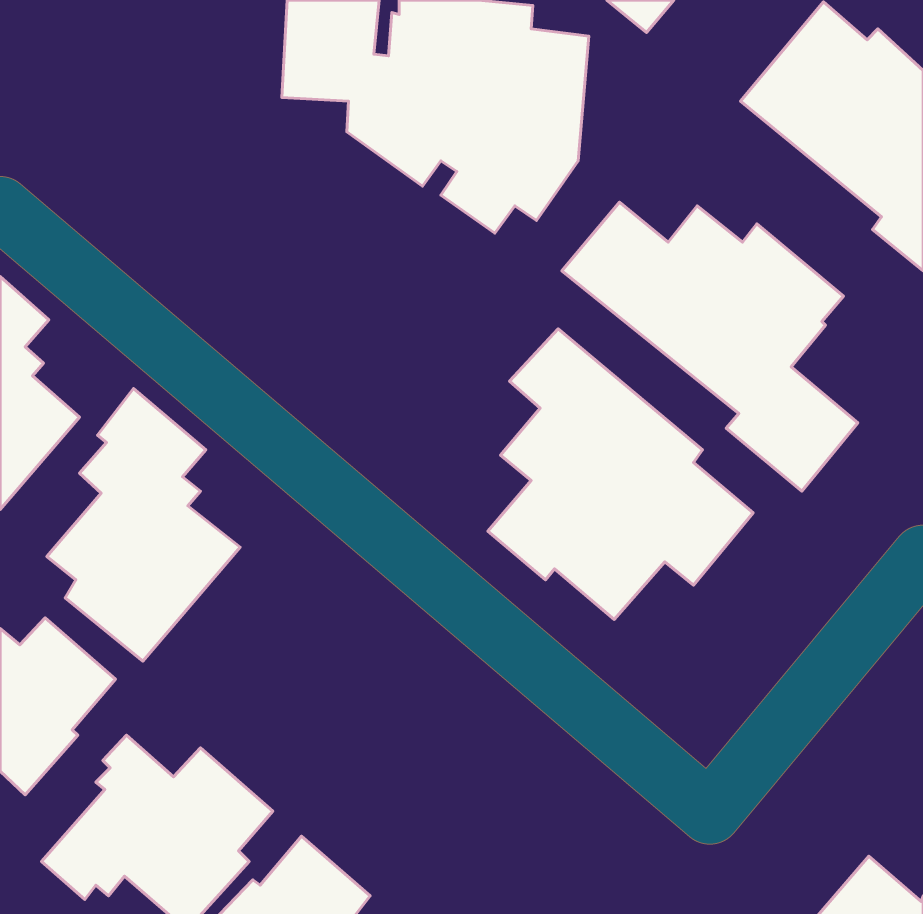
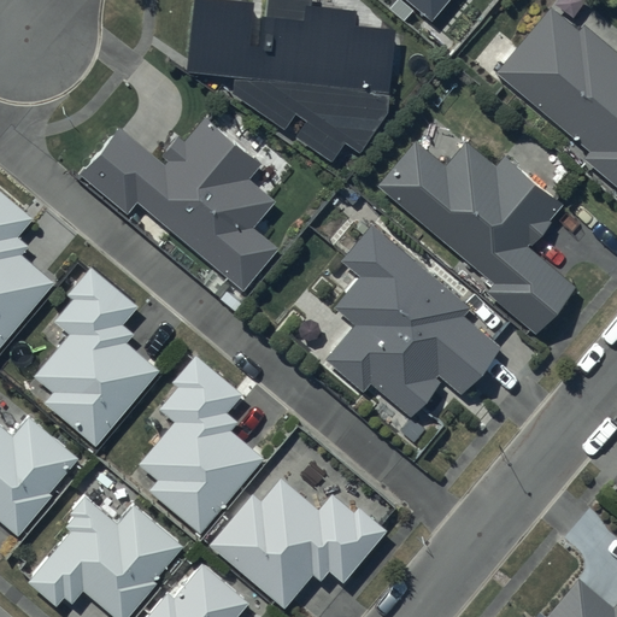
building: none -> [80,118,277,290]
building: none -> [139,354,263,535]
building: none -> [210,478,386,609]

